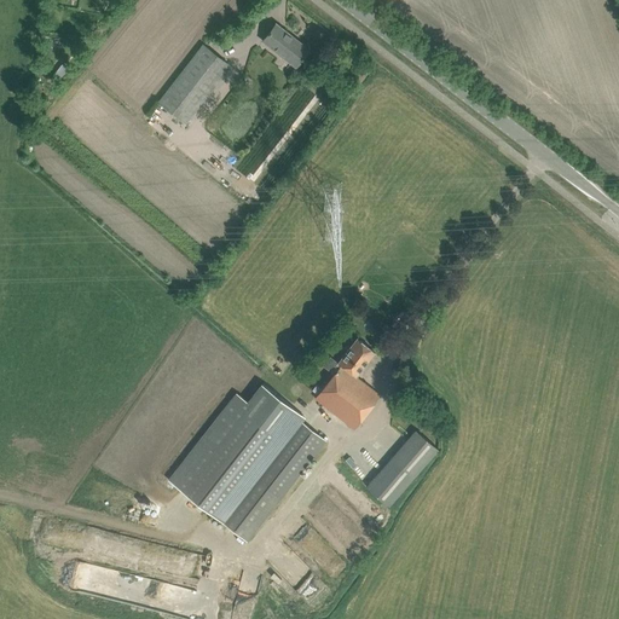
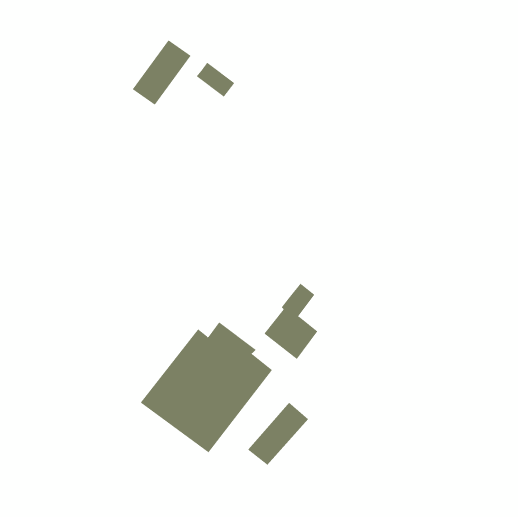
building: [262,25,310,68] -> [196,62,235,97]
building: [365,430,439,507] -> [247,402,309,466]

